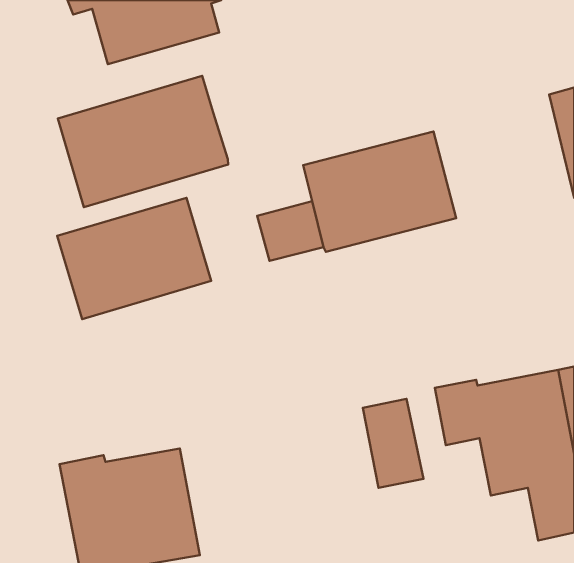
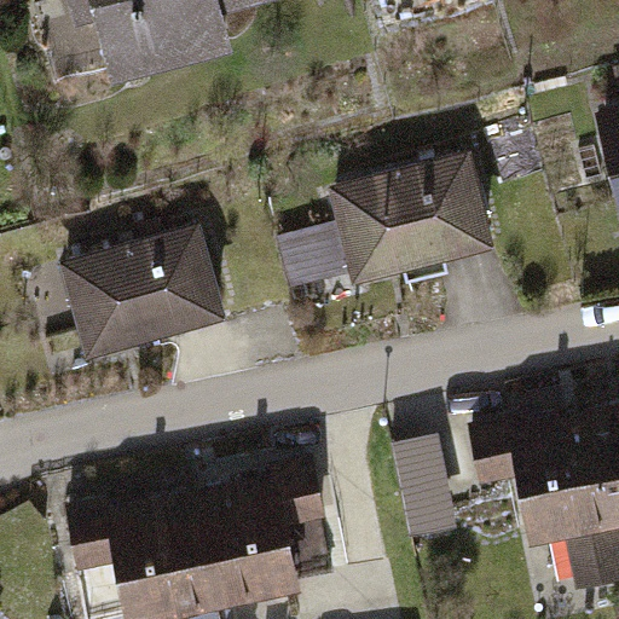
building: [58,76,228,207] -> none
building: none -> [193,461,339,609]

